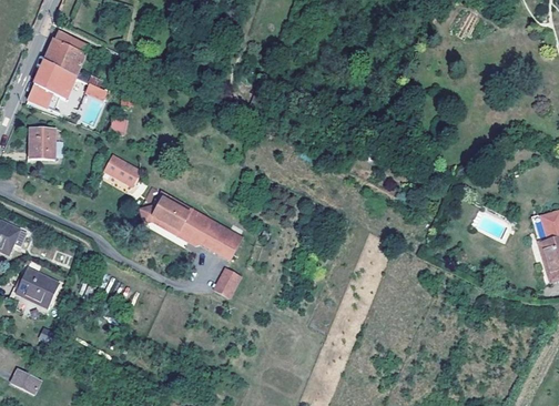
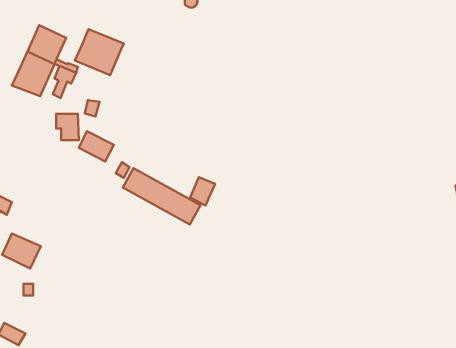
building: none -> [75,29,124,75]
building: [29,129,54,159] -> [56,114,79,140]
building: [213,265,242,297] -> [190,177,215,205]

